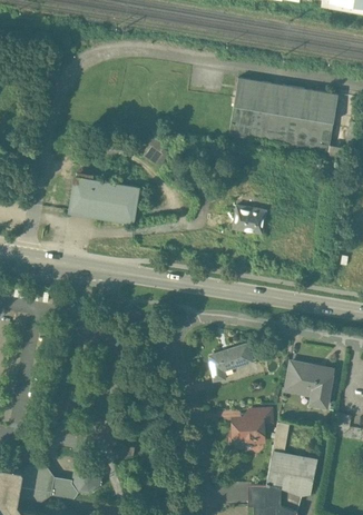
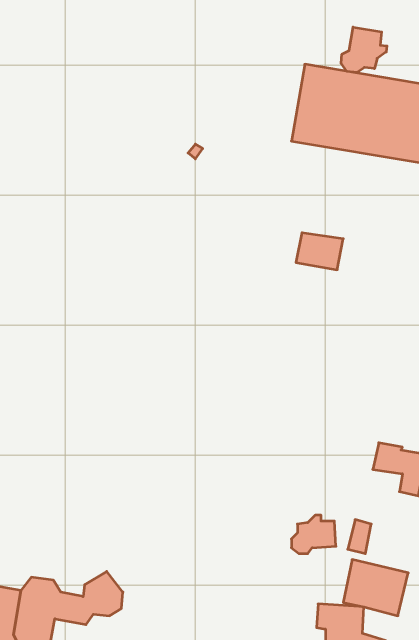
building: none -> [341,27,387,73]
building: [70,176,138,220] -> none
building: [209,343,253,379] -> none

